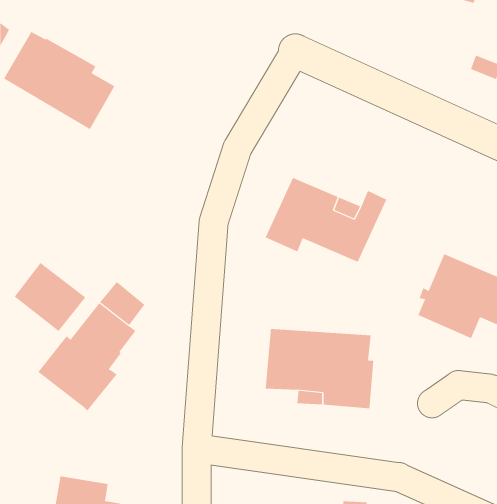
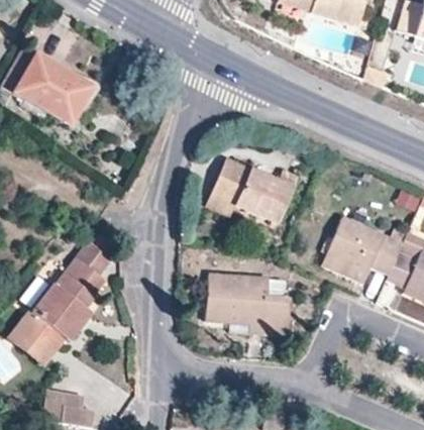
building: [14,262,86,332] -> [10,309,66,362]

